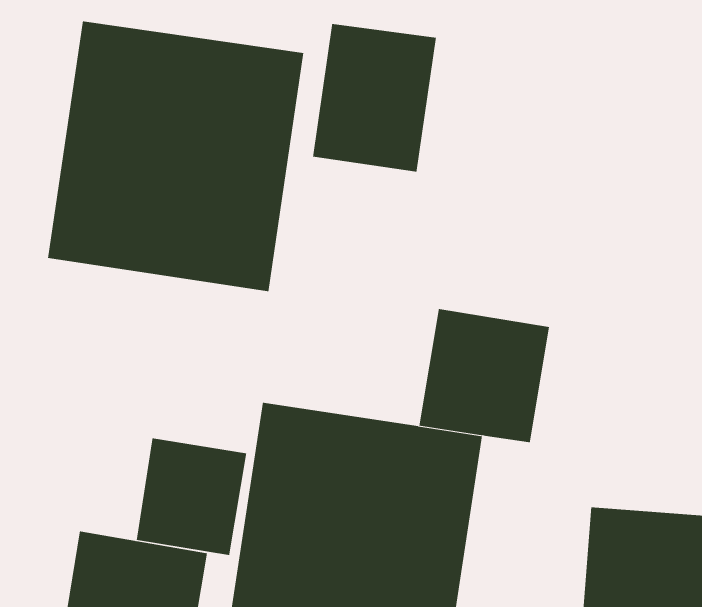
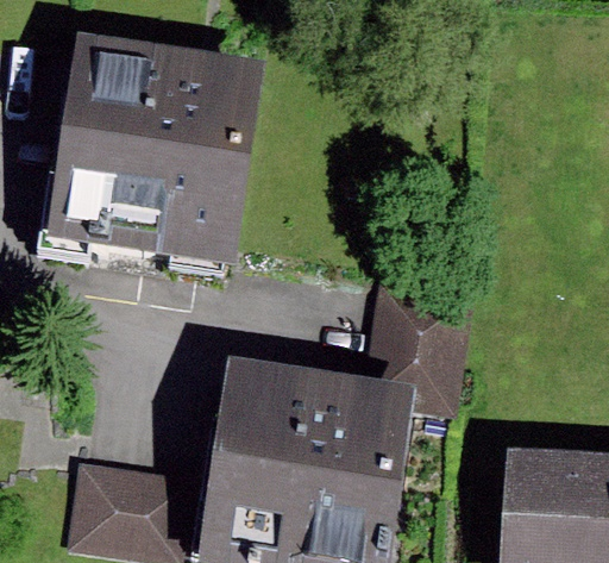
building: [312,23,437,173] -> none
building: [136,437,247,556] -> none

